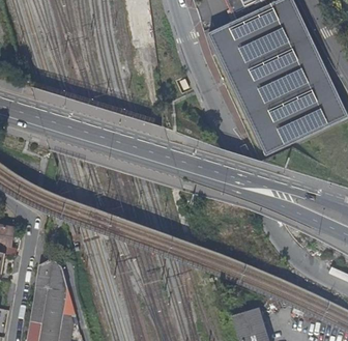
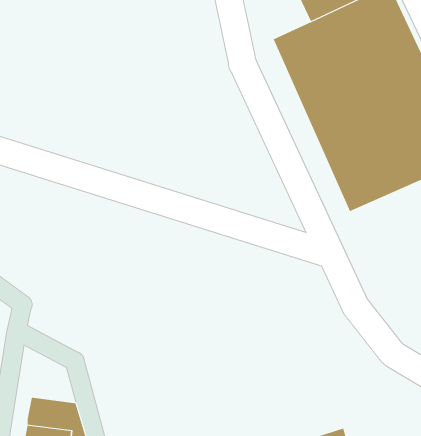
building: [35,258,67,291] -> none

